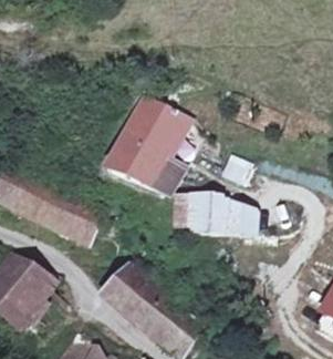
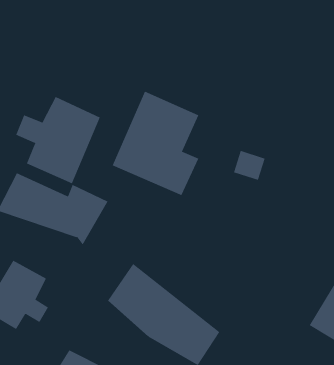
building: none -> [16,96,100,184]
building: [175,191,261,237] -> none

